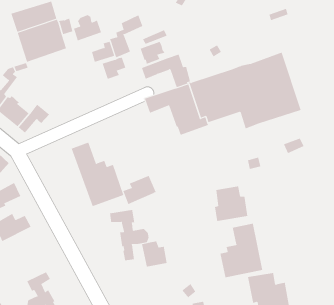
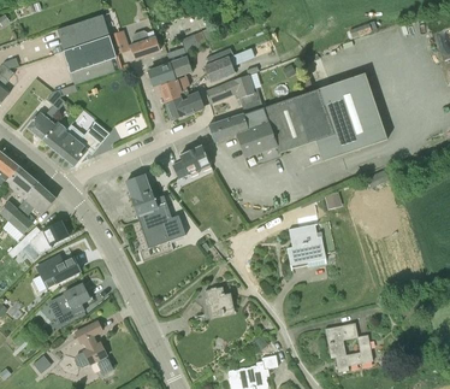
building: none -> [166,90,203,119]
building: [123,175,157,205] -> [172,146,211,179]
building: [110,209,149,261] -> none
building: [220,223,263,278] -> none
building: none -> [55,283,90,322]

